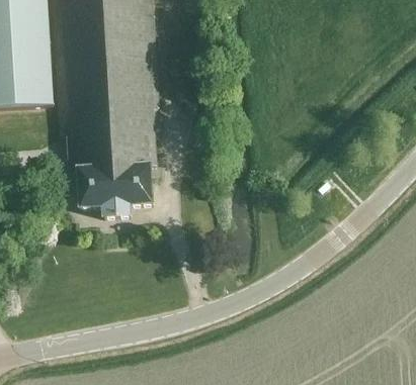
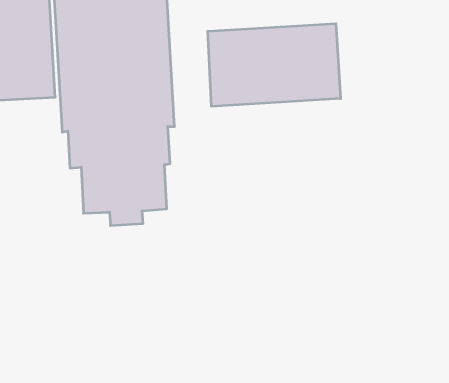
building: none -> [208,24,341,106]

